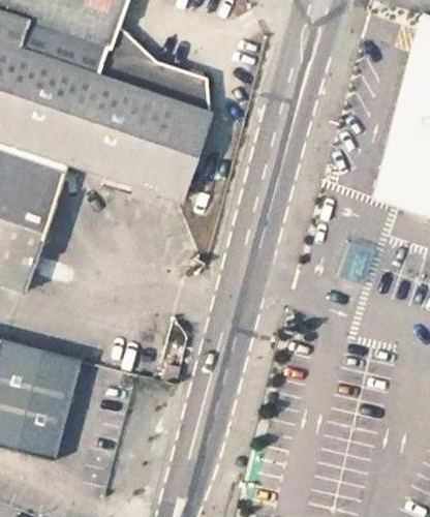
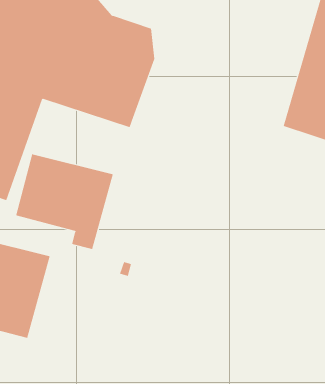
building: none -> [15,153,113,250]

